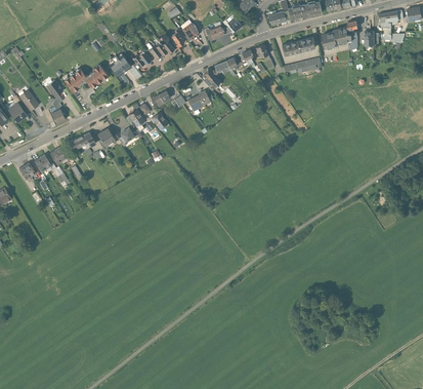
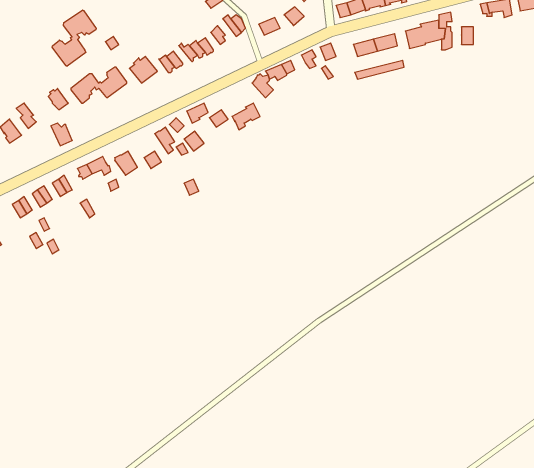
building: none -> [52,10,96,66]

